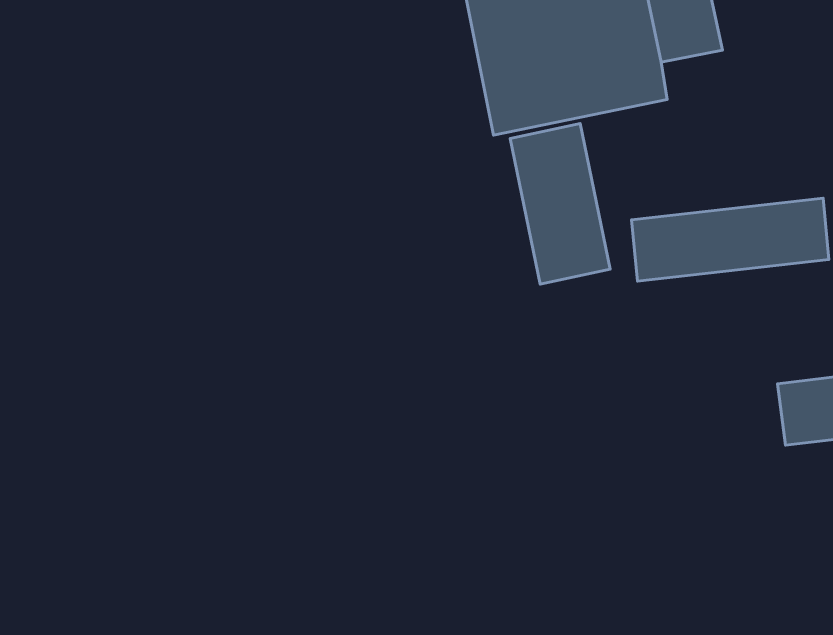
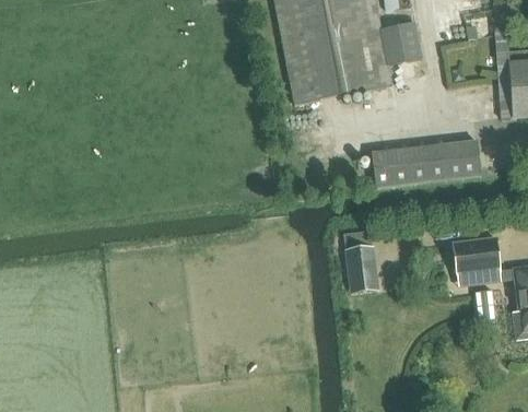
building: [510,124,610,284] -> none
building: none -> [342,231,378,294]

